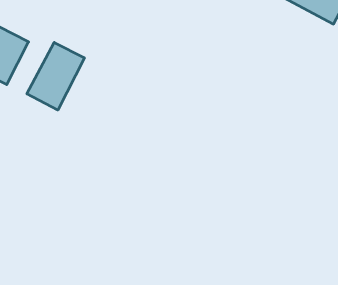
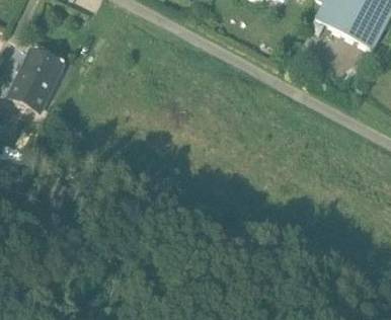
building: [27,42,84,110] -> none

